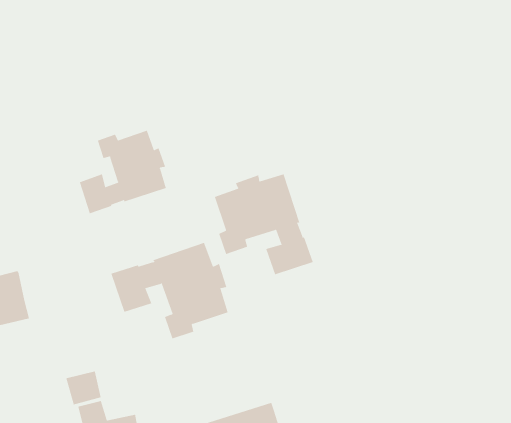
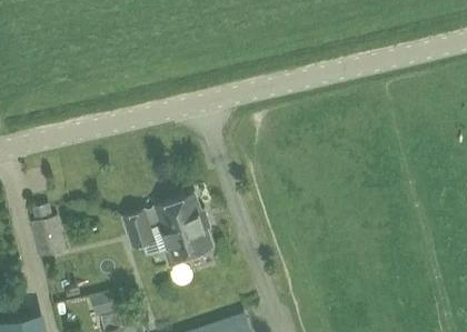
building: [79,130,166,214] -> none
building: [214,174,314,275] -> none

